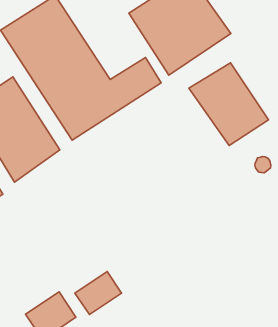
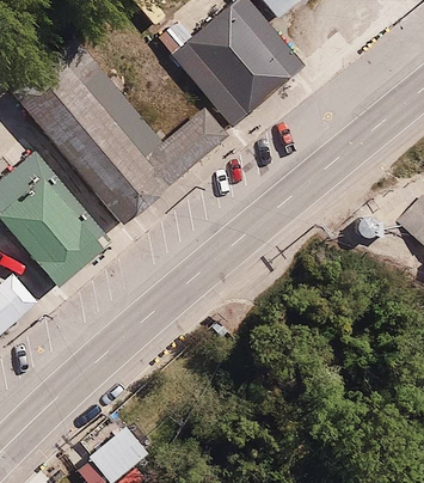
building: [189,63,268,145] -> none
building: [75,271,122,315] -> none

